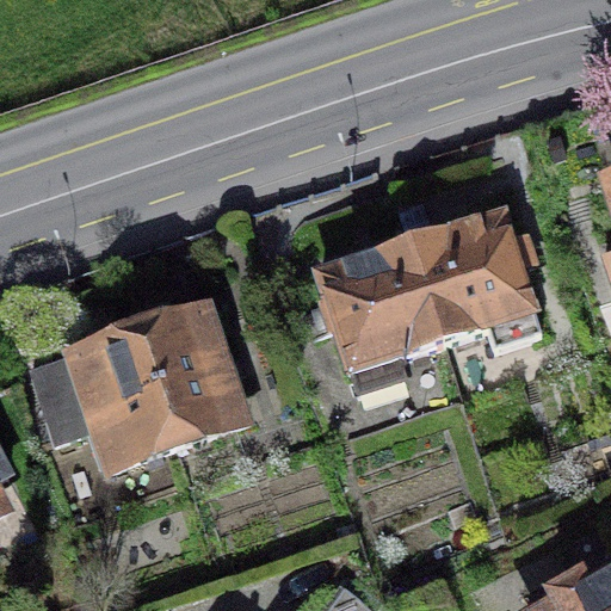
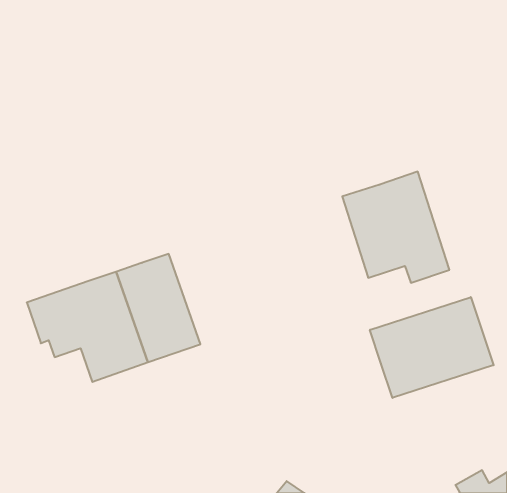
building: [320,236,443,384] -> none
building: none -> [370,297,494,398]

